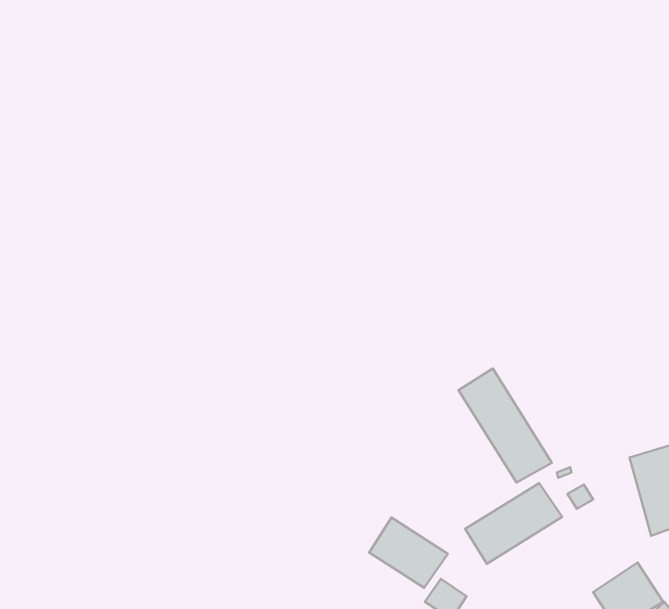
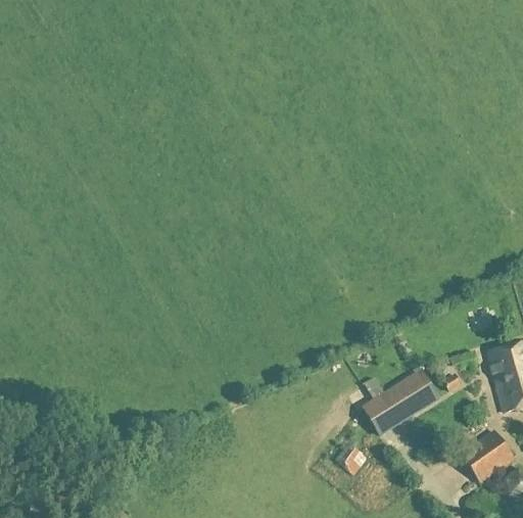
building: [459,368,552,482] -> none
building: [369,517,448,588] -> none

